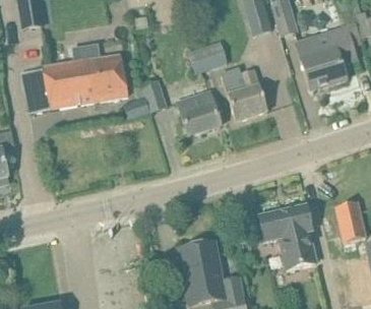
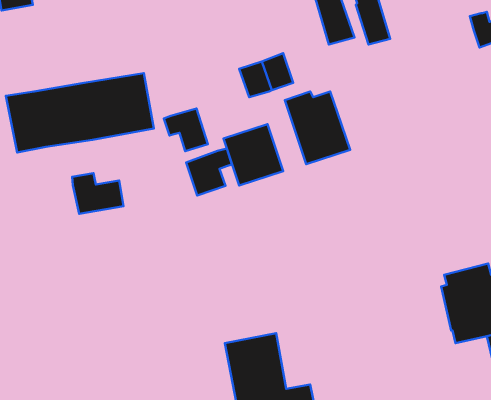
building: [295,24,361,89] -> none
building: none -> [186,148,232,196]
building: none -> [72,173,124,214]
building: [259,205,315,268] -> none

